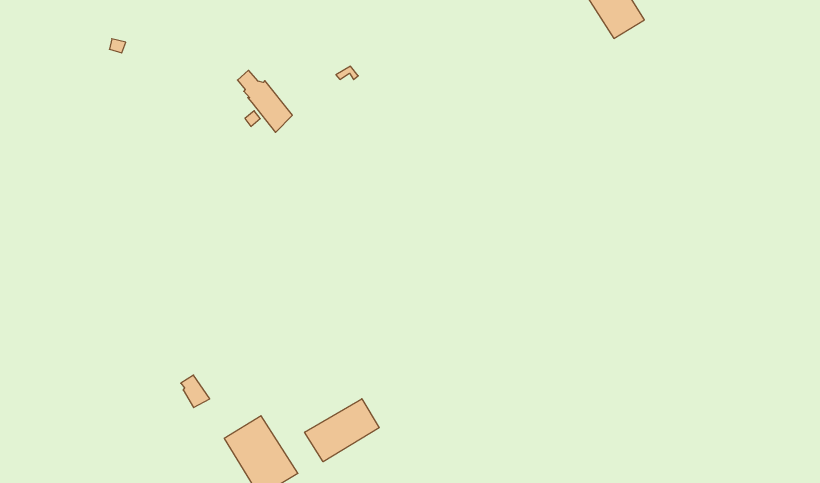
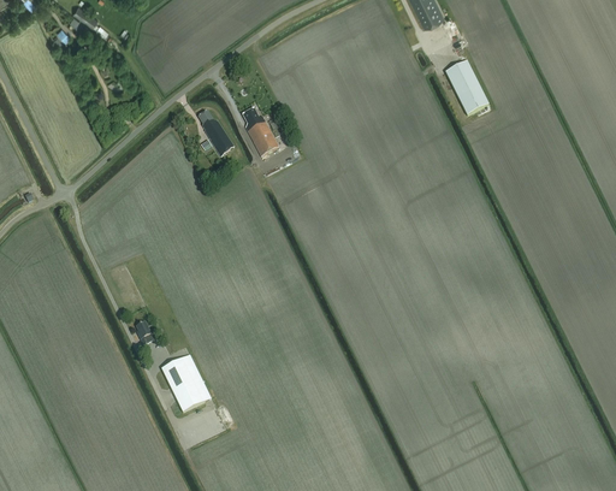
building: none -> [242,108,280,156]
building: [305,399,379,462] -> none

